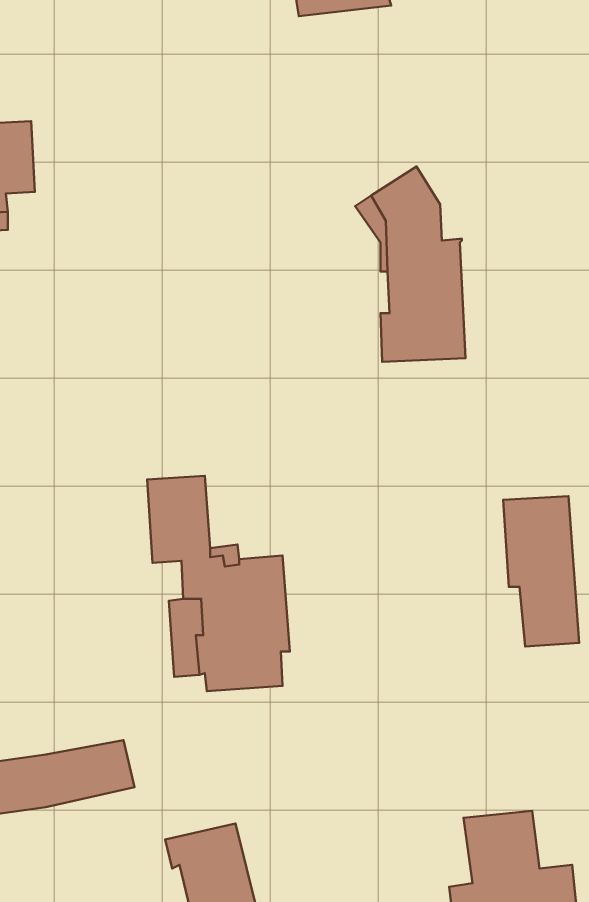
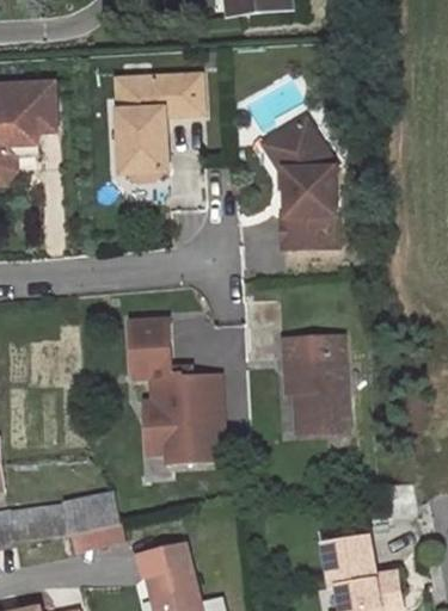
building: none -> [115,76,201,183]
building: [503,496,579,646] -> [299,334,349,433]

